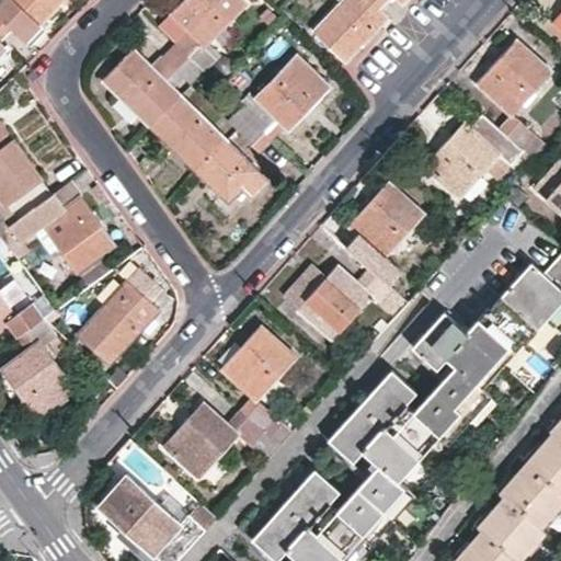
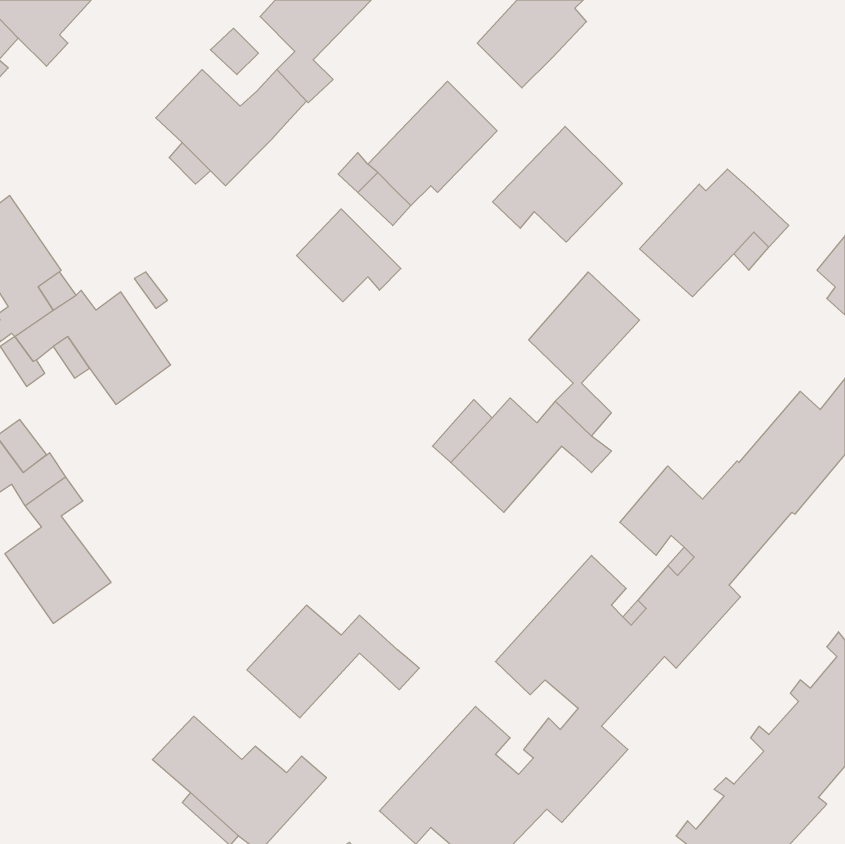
building: [476,39,550,162] -> none
building: none -> [493,126,622,242]
building: [149,94,226,171] -> none
building: [78,267,160,363] -> none
building: [221,327,296,437] -> none

